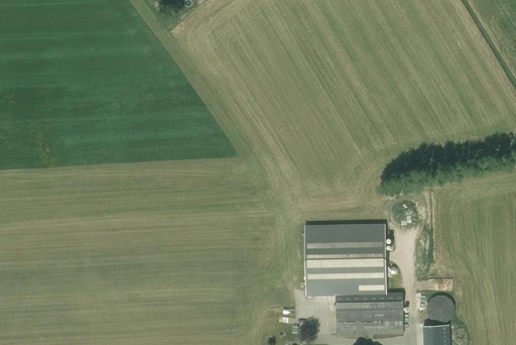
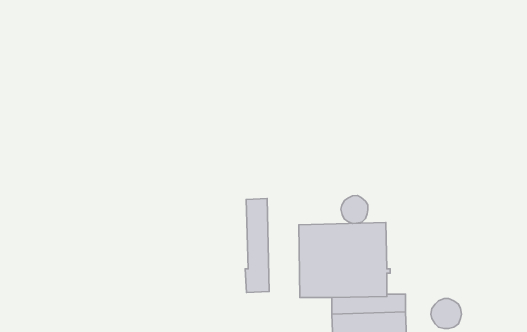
building: none -> [341,196,368,223]
building: none -> [245,198,269,293]

